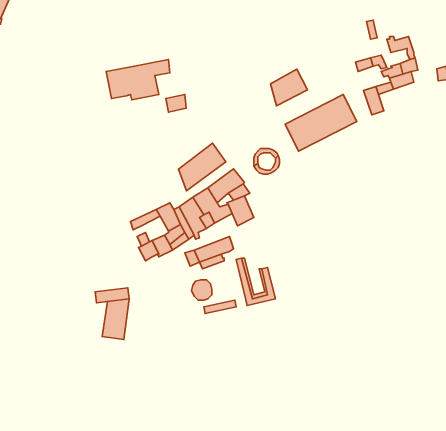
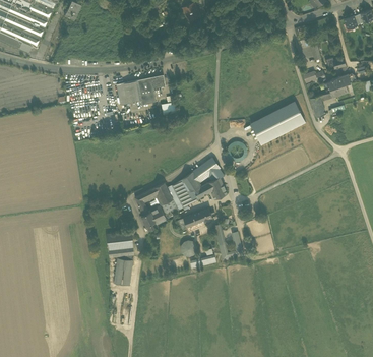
building: [270,69,307,106] -> none
building: [179,143,226,191] -> none
building: none -> [106,231,133,249]

